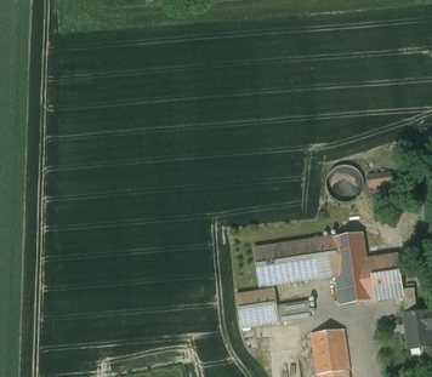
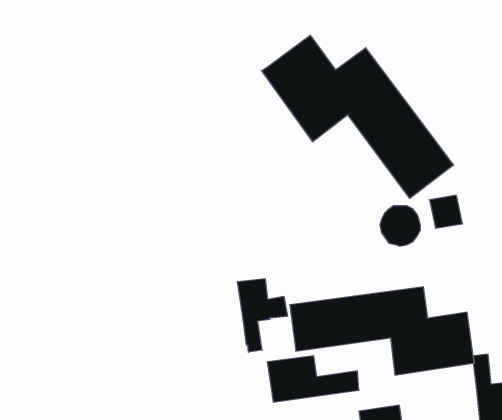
building: none -> [261,35,454,198]
building: none -> [238,279,287,352]

